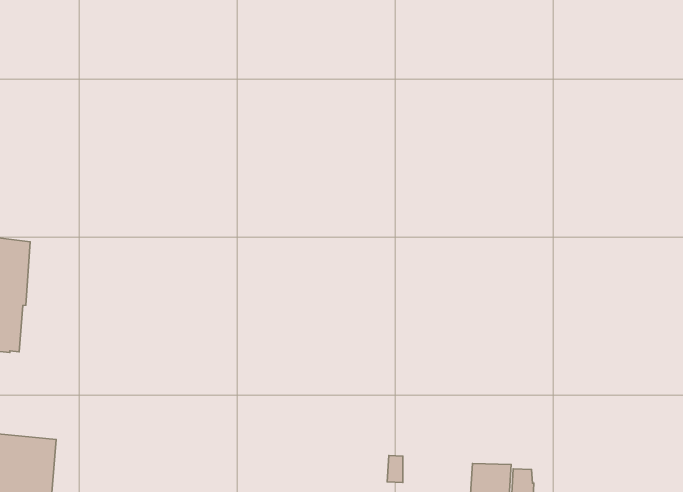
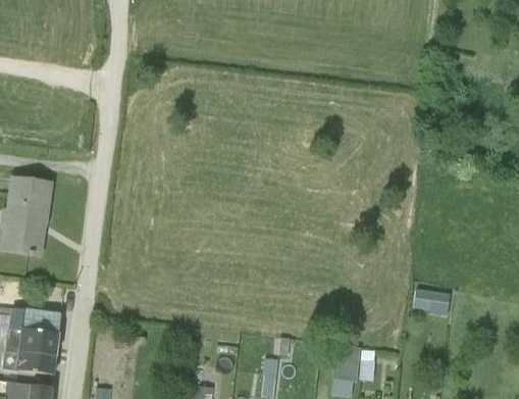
building: none -> [414,290,449,315]

